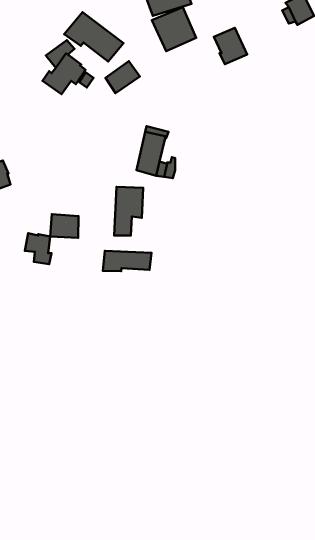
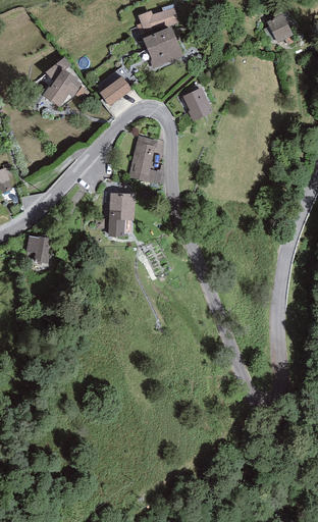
building: [64,12,124,61] -> none
building: [214,28,247,64] -> [182,87,213,120]
building: [50,214,79,238] -> none
building: [103,251,152,271] -> none

